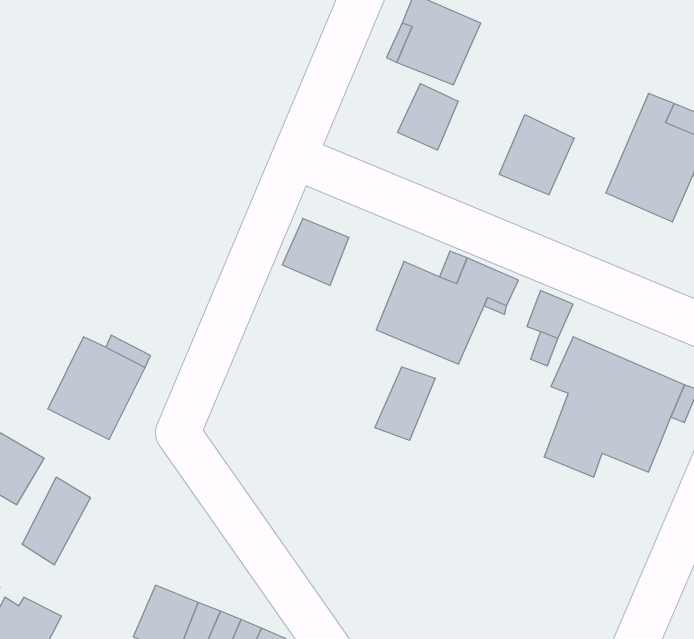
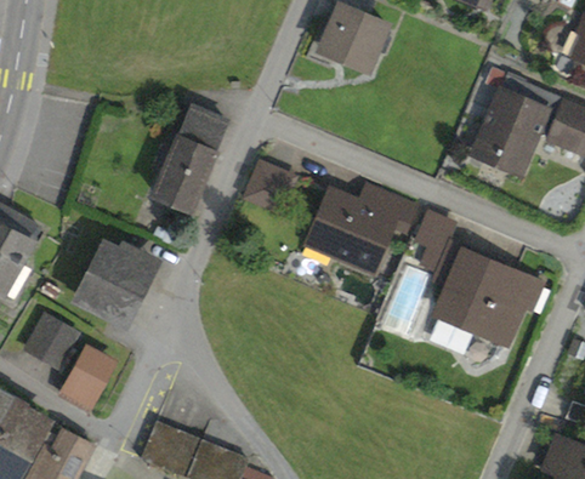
building: [398,84,458,150] -> none
building: [499,115,574,195] -> none
building: none -> [155,107,227,210]
building: [375,367,435,440] -> none

